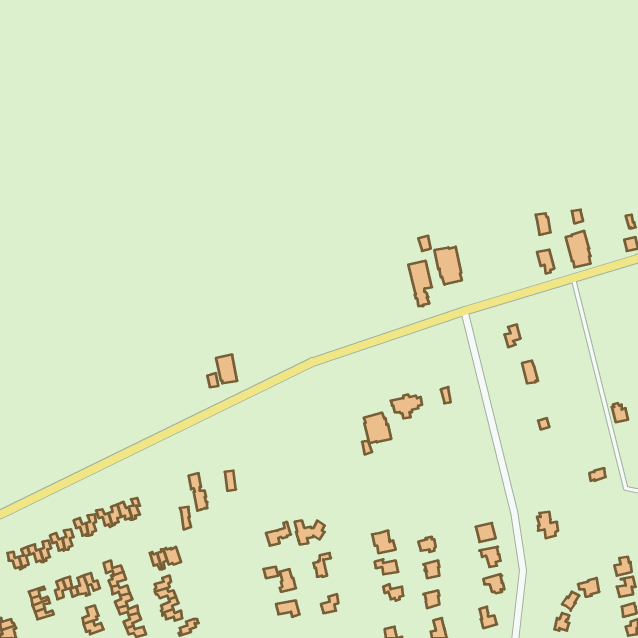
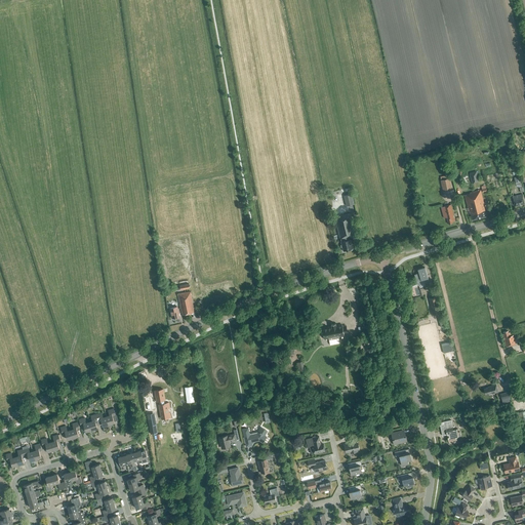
building: [435,247,462,285] -> none
building: [364,413,391,443] -> none

